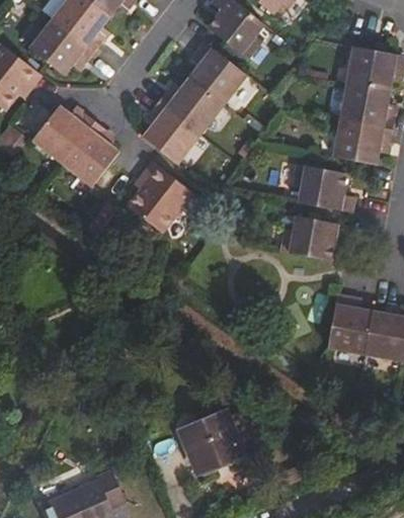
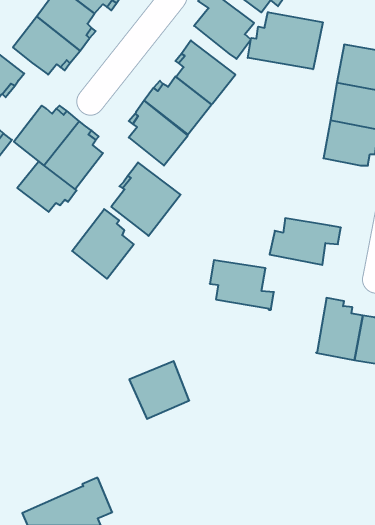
building: none -> [248,12,323,69]
building: none -> [17,161,77,212]
building: [294,164,356,212] -> [210,260,274,310]
building: none -> [72,209,134,279]
building: [183,414,242,470] -> [129,361,189,419]

